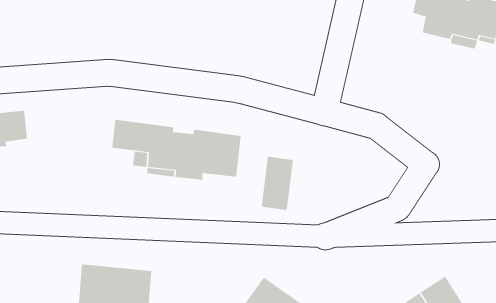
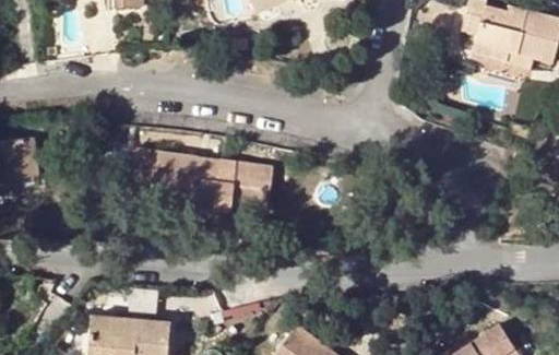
building: [261,156,293,211] -> none

